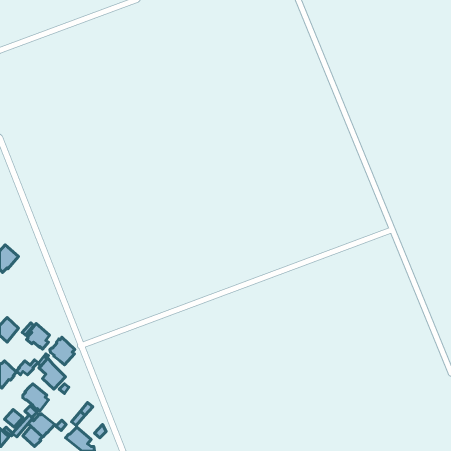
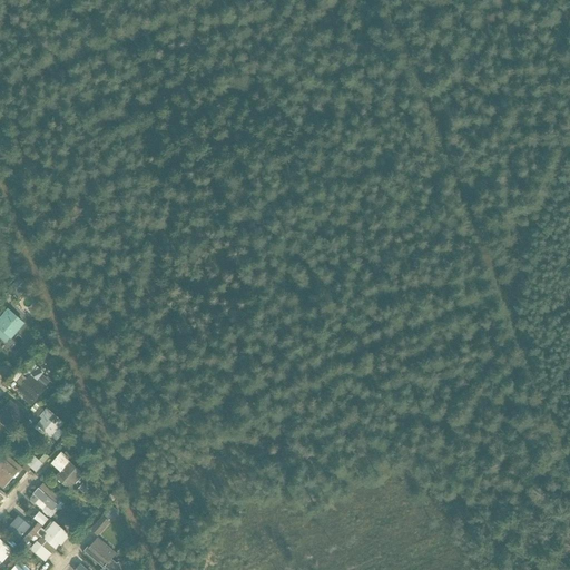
building: none -> [10,363,45,405]
building: [50,337,75,365] -> none

